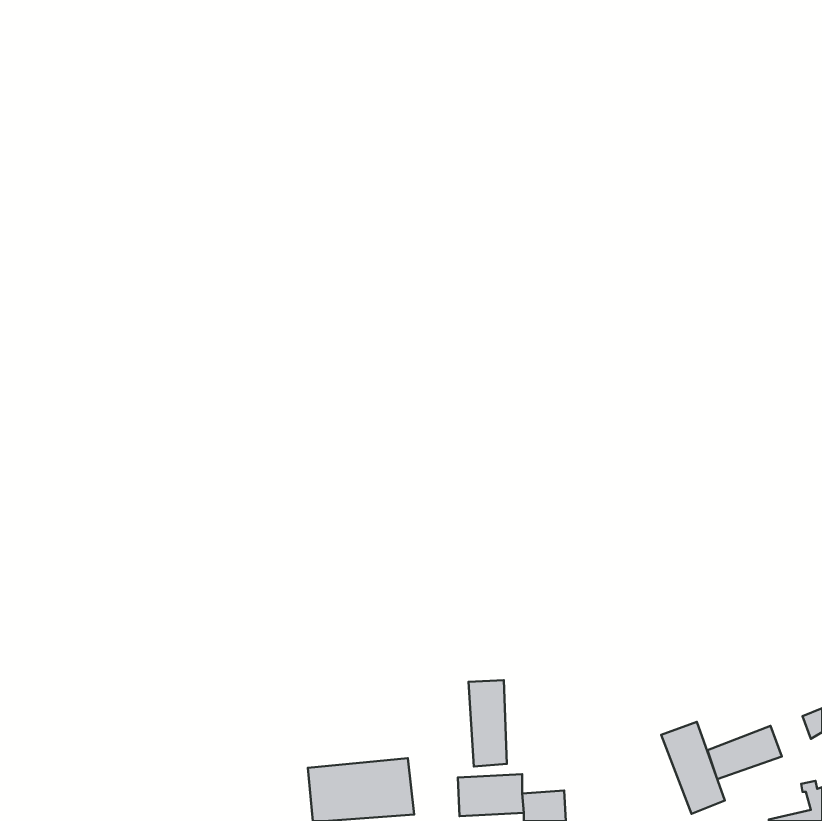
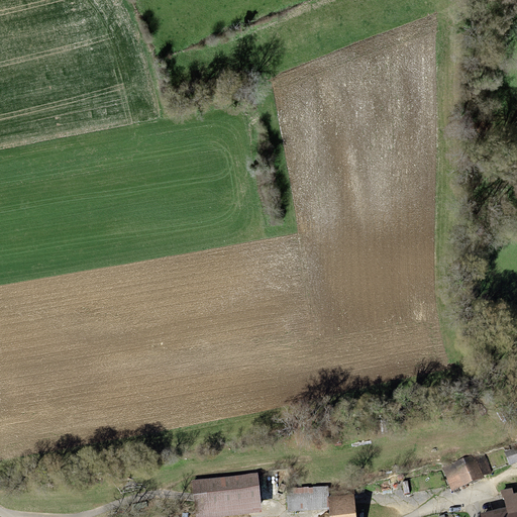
building: [468,680,507,767] -> none
building: [661,722,725,814] -> none

